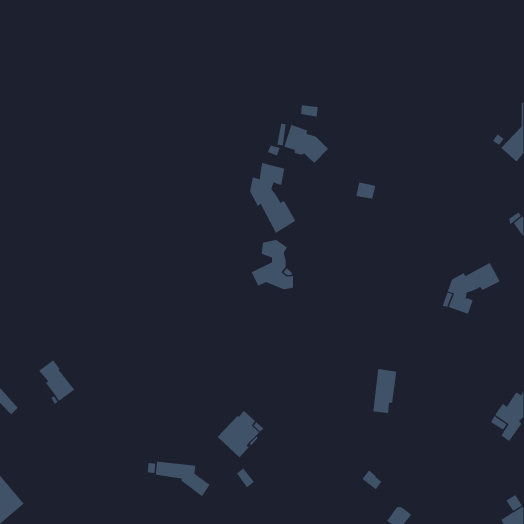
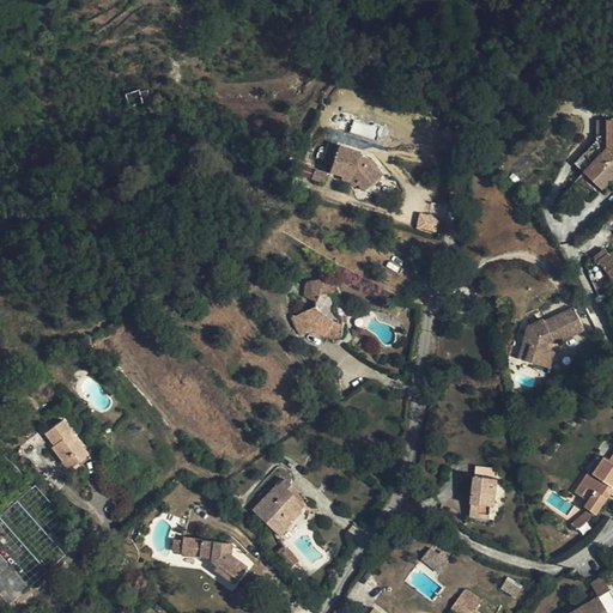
building: [249,162,296,234] -> none
building: [372,368,397,414] -> [468,467,497,520]

